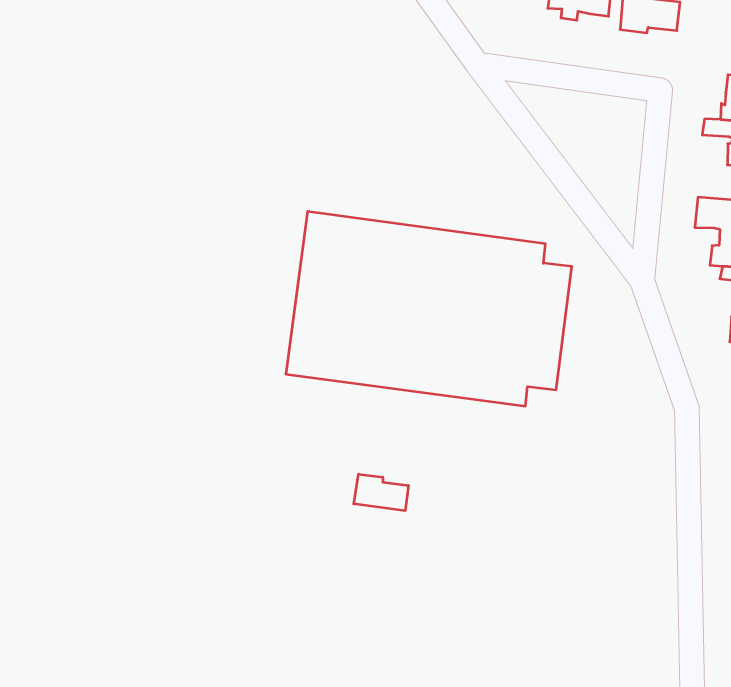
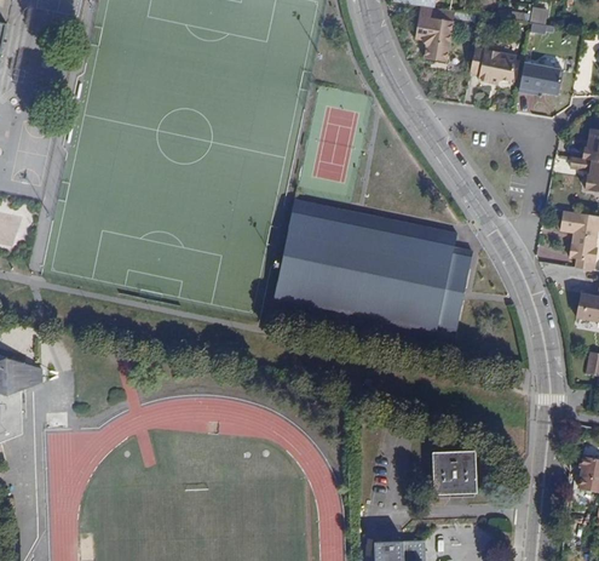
building: [354,474,408,511] -> none
building: none -> [432,450,477,493]

